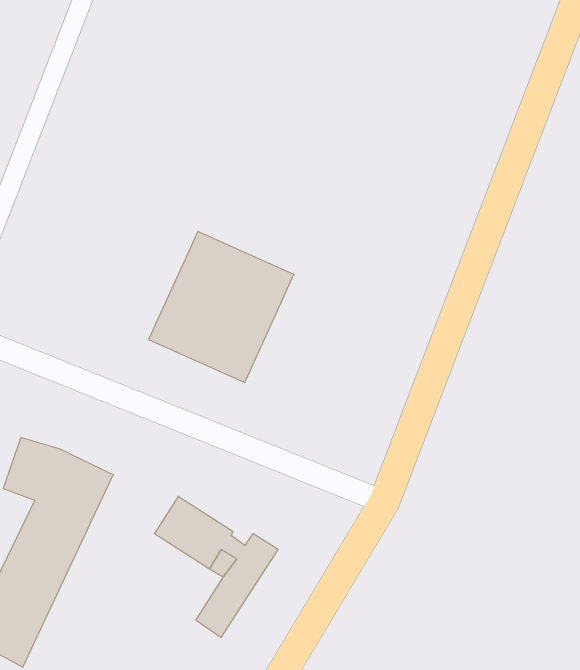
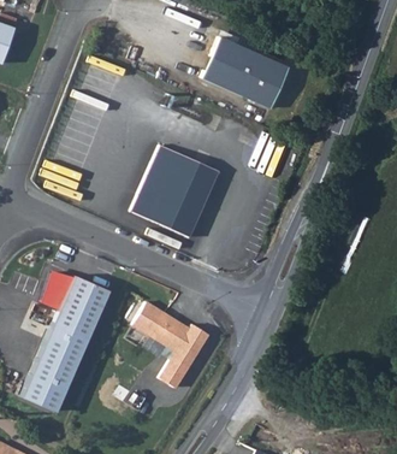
building: none -> [200,36,286,108]

